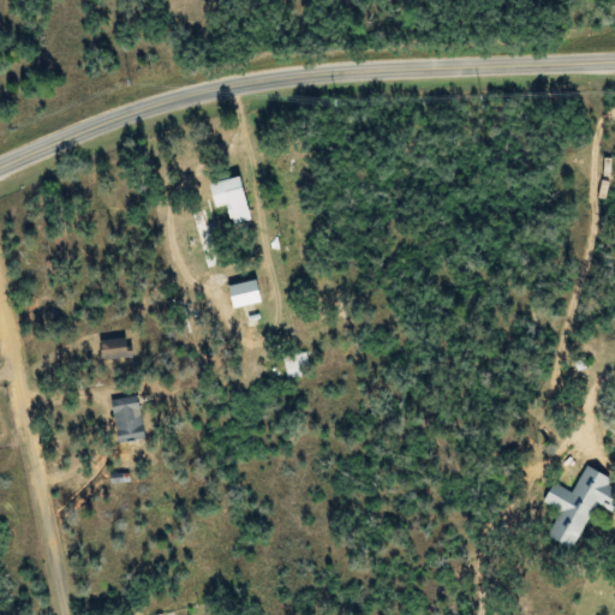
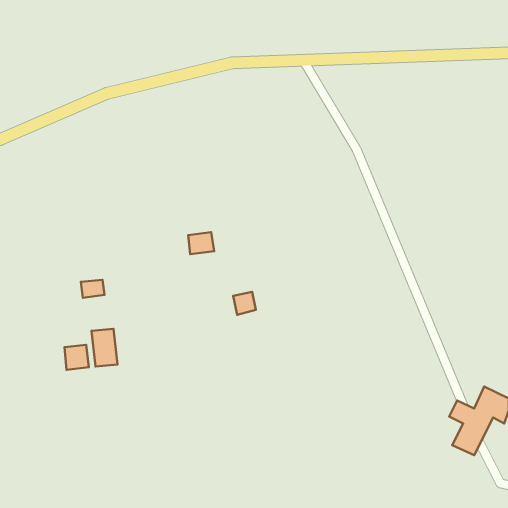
building: [208,175,250,223] -> none
building: none -> [65,345,89,370]

